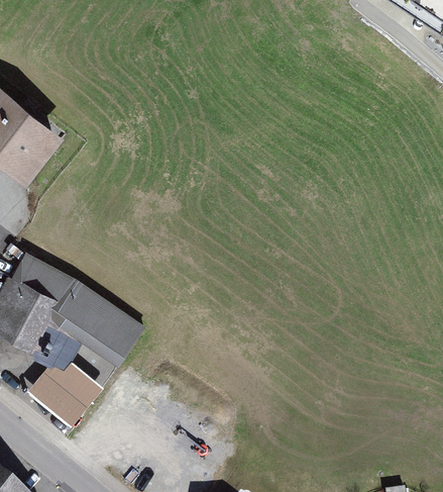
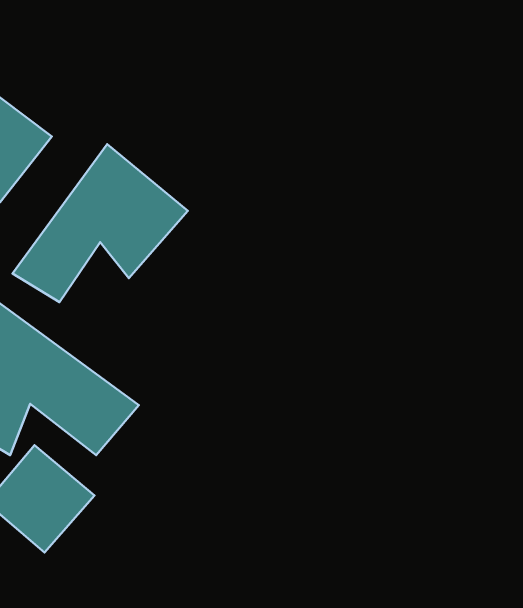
building: none -> [13,144,188,302]

